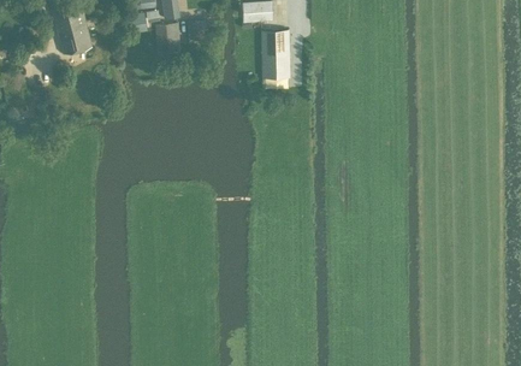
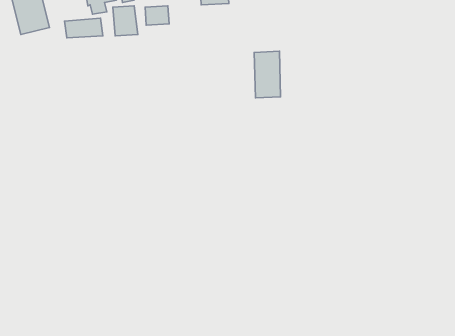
building: [262,30,289,77] -> [254,51,281,98]
building: none -> [65,18,103,38]

